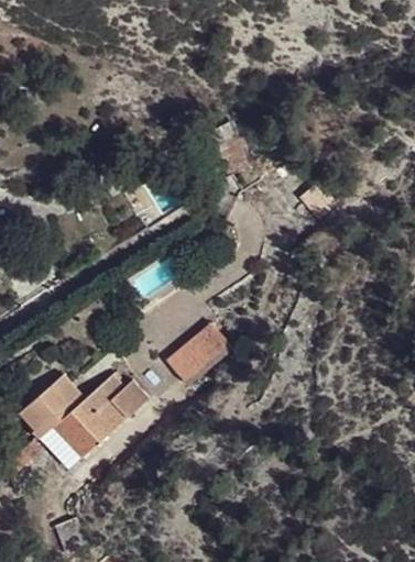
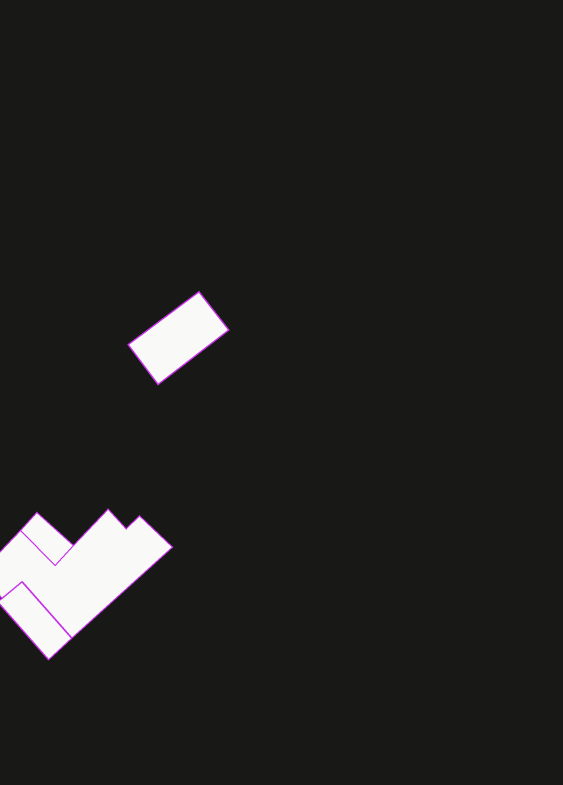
building: [161,315,228,376] -> [128,292,229,385]

